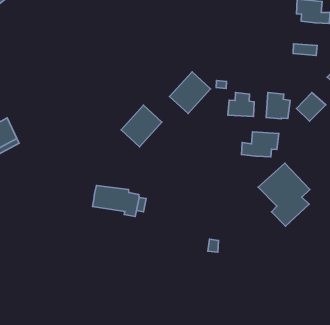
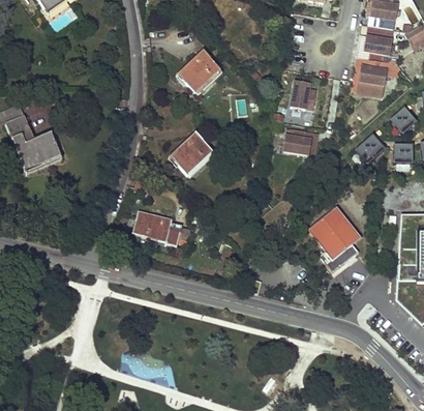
building: none -> [358,59,387,86]
building: [170,72,211,114] -> [177,50,220,93]
building: [266,93,290,119] -> [290,81,316,110]
building: [241,132,279,157] -> none

